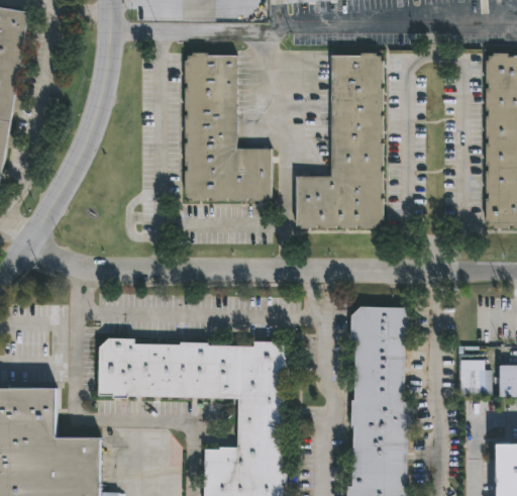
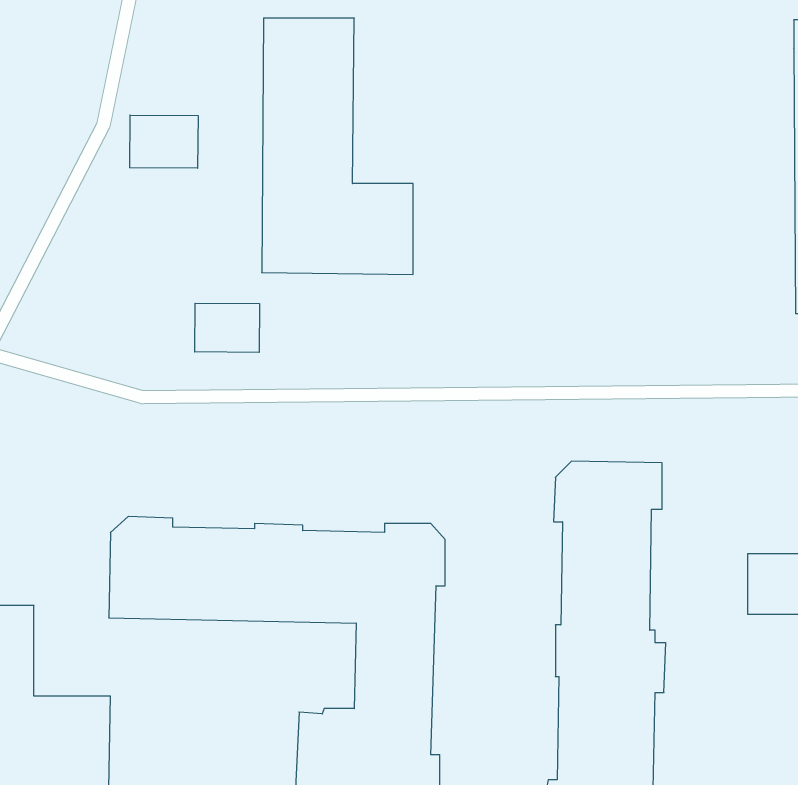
building: [295,55,382,227] -> none
building: none -> [130,115,198,168]
building: none -> [195,303,259,352]

